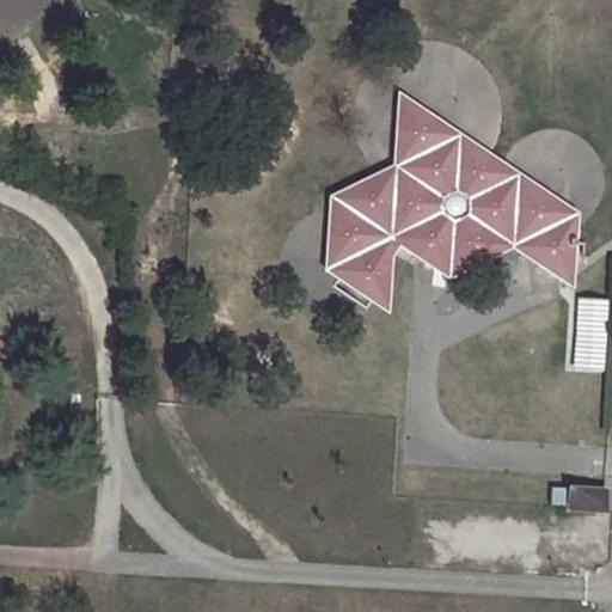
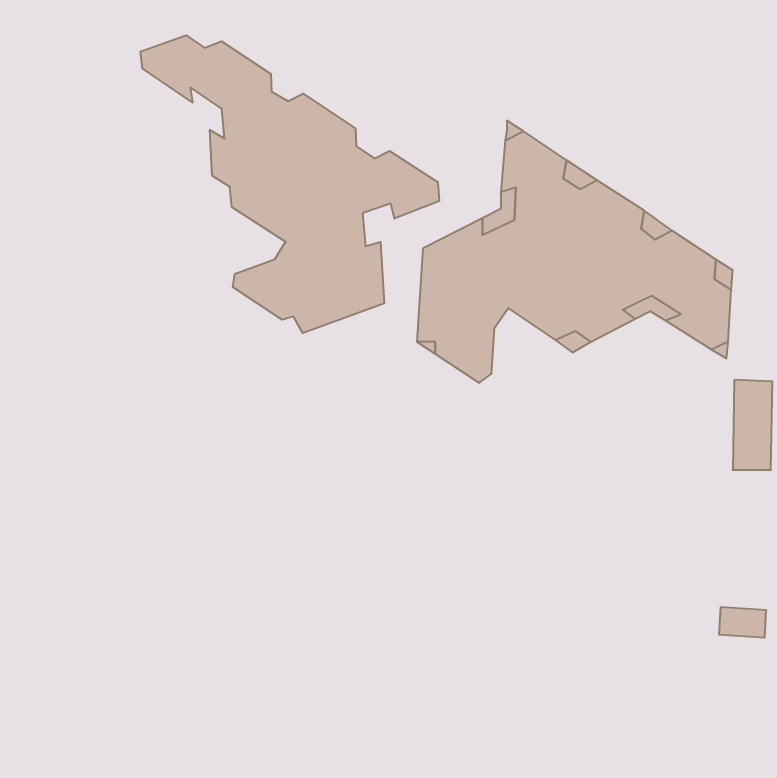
building: none -> [141,35,439,333]

